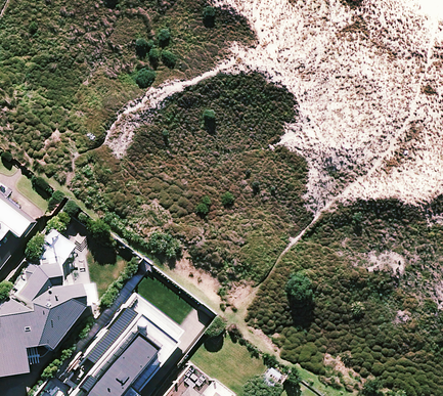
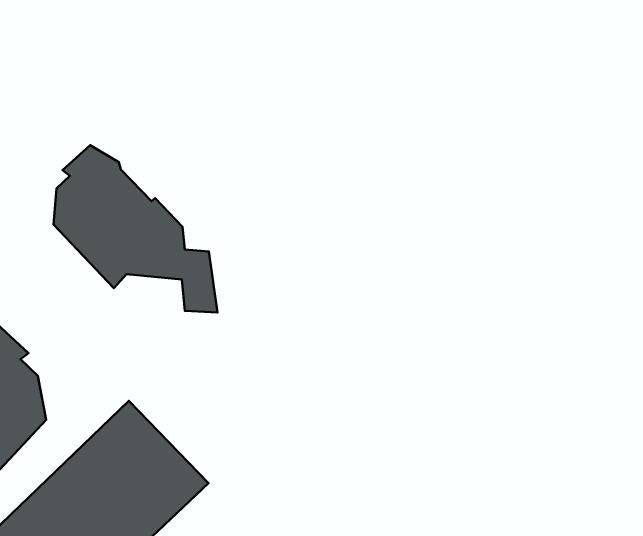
building: none -> [53,145,217,313]

